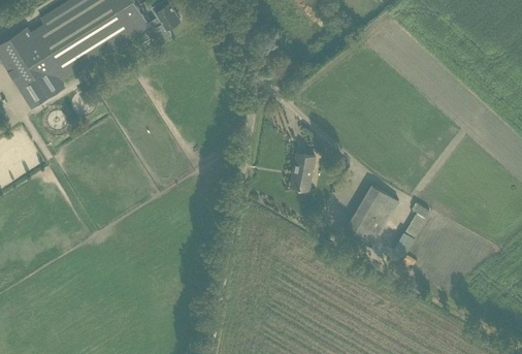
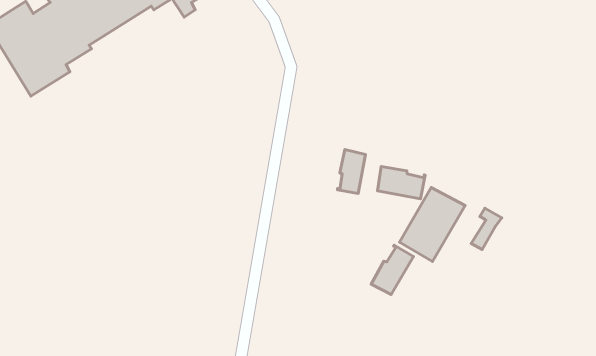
building: none -> [378,167,425,199]
building: none -> [371,245,413,295]

